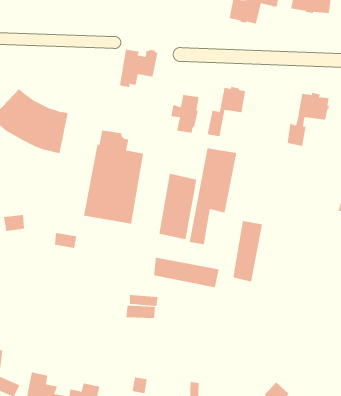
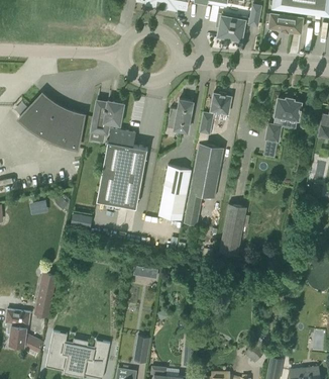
building: [119,49,158,88] -> [91,101,123,133]
building: [153,257,219,288] -> none
building: none -> [33,272,57,317]

